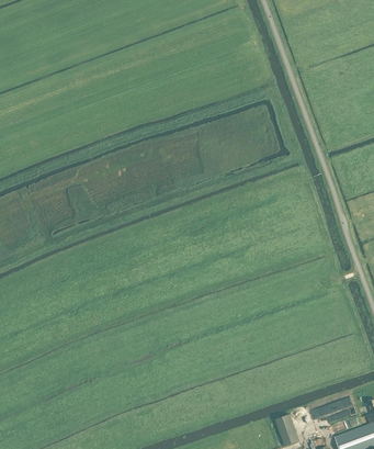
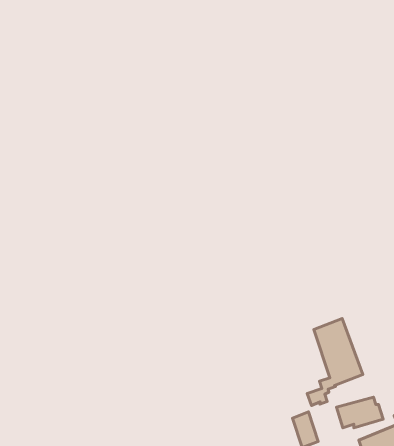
building: none -> [307,318,363,405]

